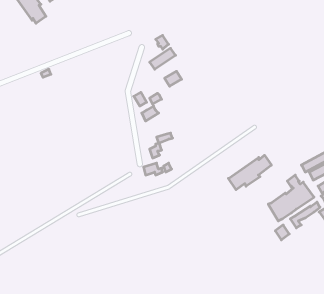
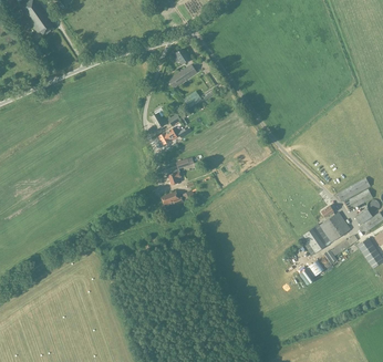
building: [228,155,271,190] -> none

